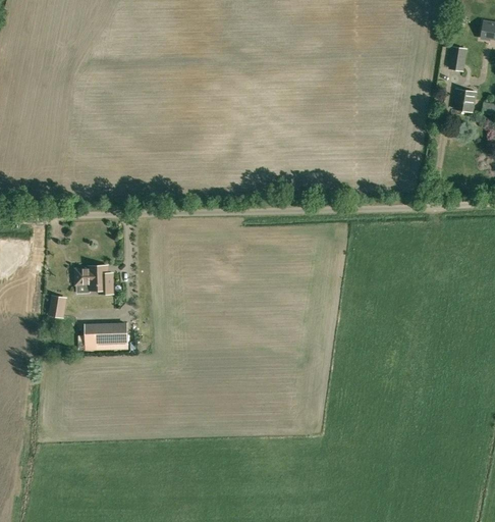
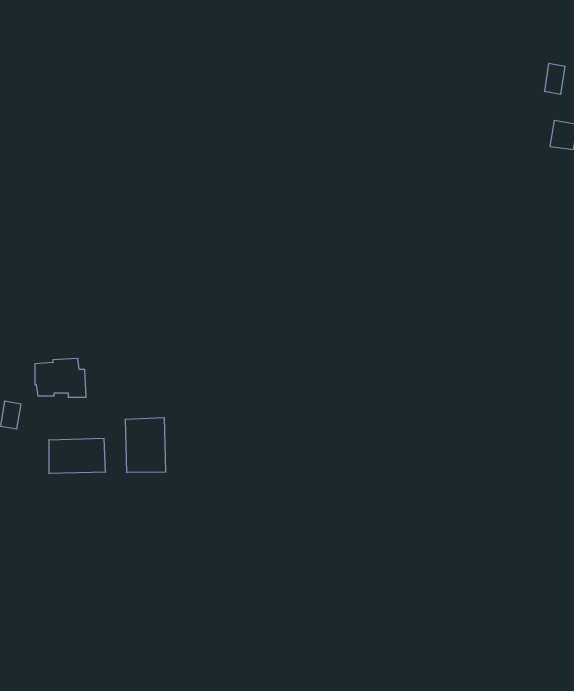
building: none -> [125,418,165,473]

